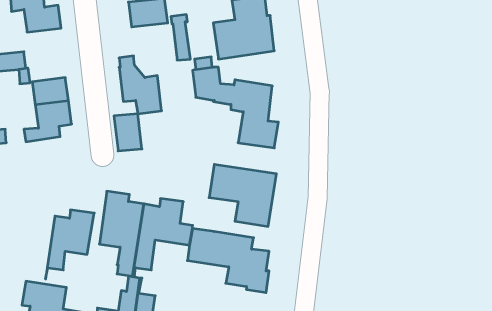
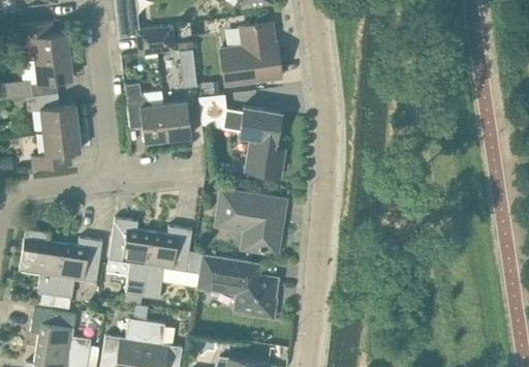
building: none -> [35,56,72,84]
building: [114,114,142,151] -> [165,101,193,139]
building: none -> [20,230,63,307]

